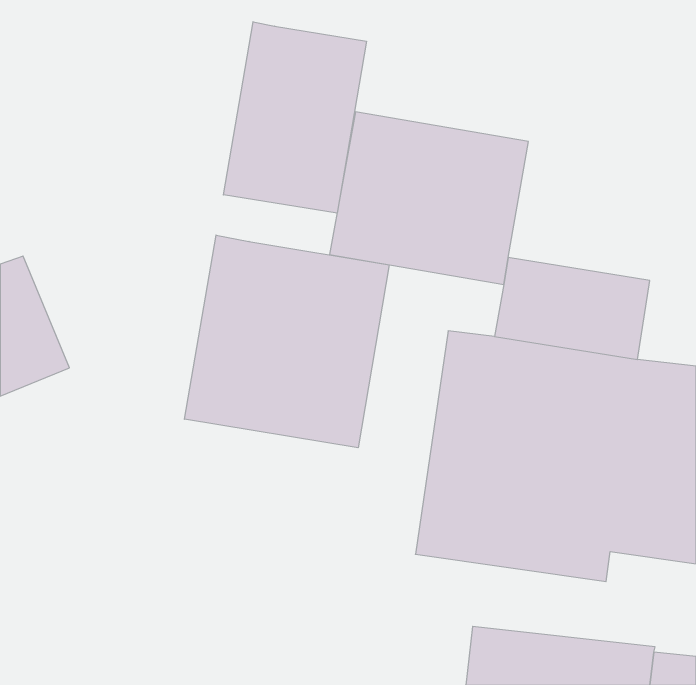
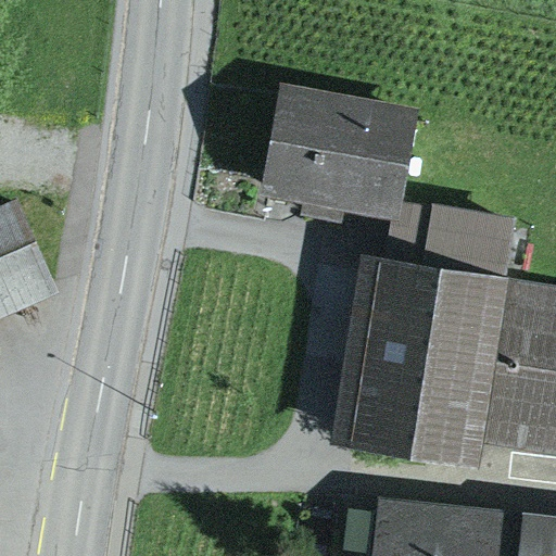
building: [223,22,366,213] -> none
building: [184,235,389,448] -> none

